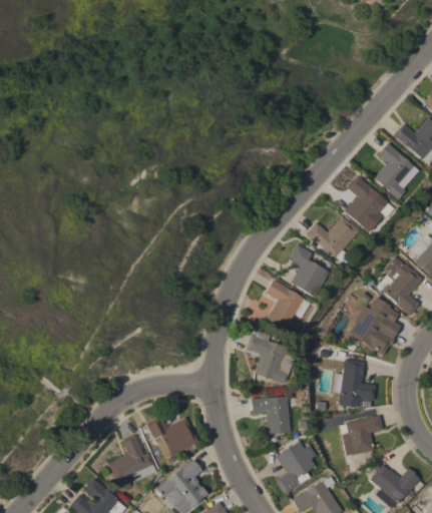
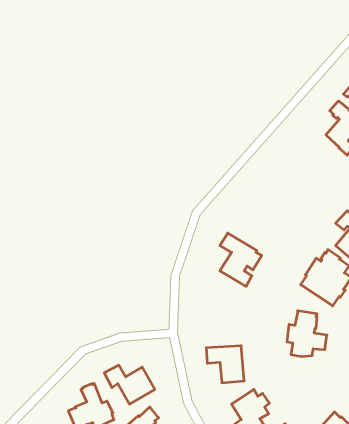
building: [344,175,383,229] -> none
building: [307,215,359,259] -> none
building: [290,244,329,297] -> none
building: [247,330,296,384] -> none
building: [340,413,384,464] -> none

